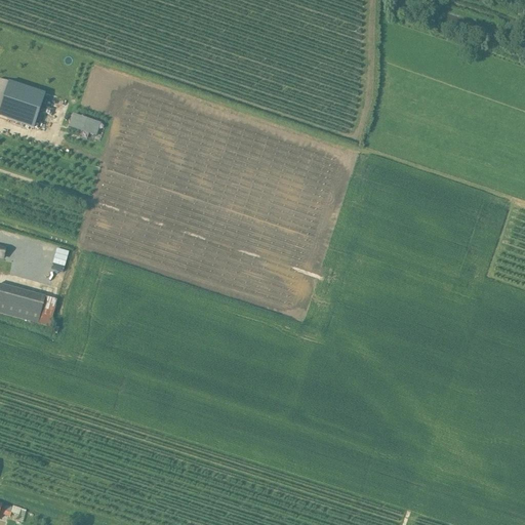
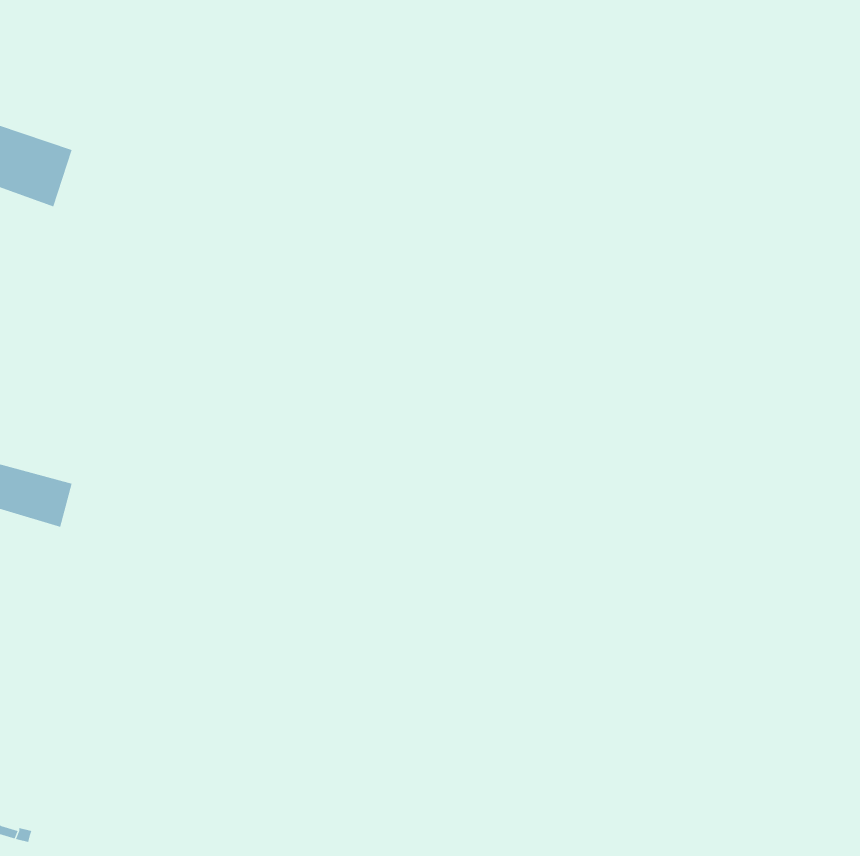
building: [68,112,98,133] -> none

